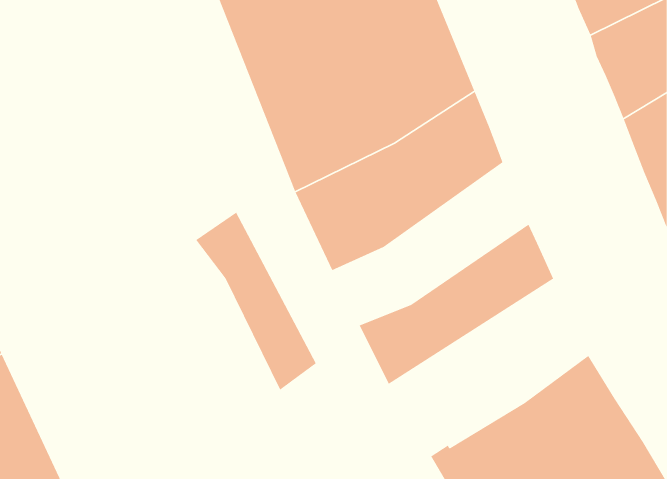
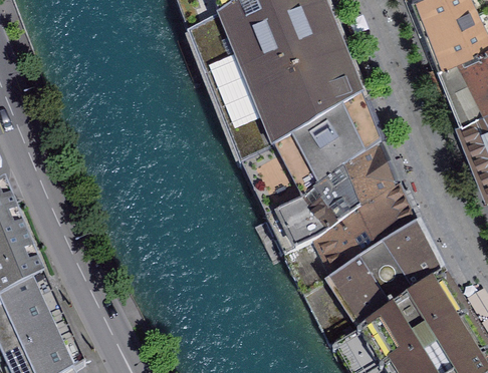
building: none -> [262,133,395,243]
building: [195,212,317,391] -> none
building: none -> [300,212,437,332]

